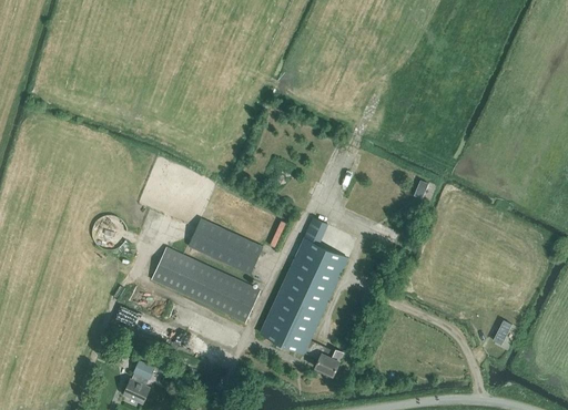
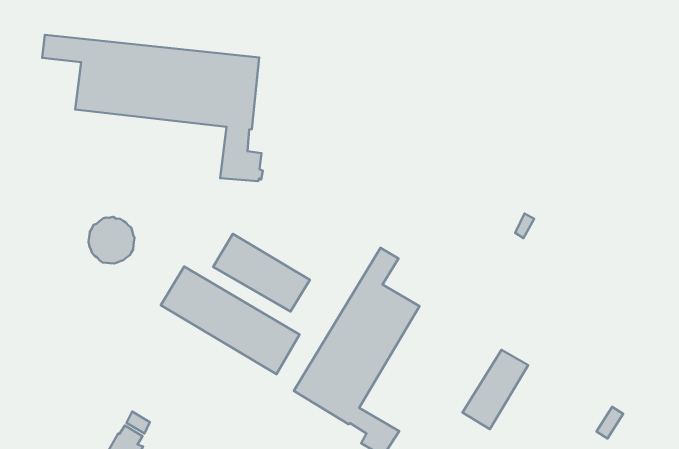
building: none -> [42,35,263,181]
building: none -> [463,350,528,429]

